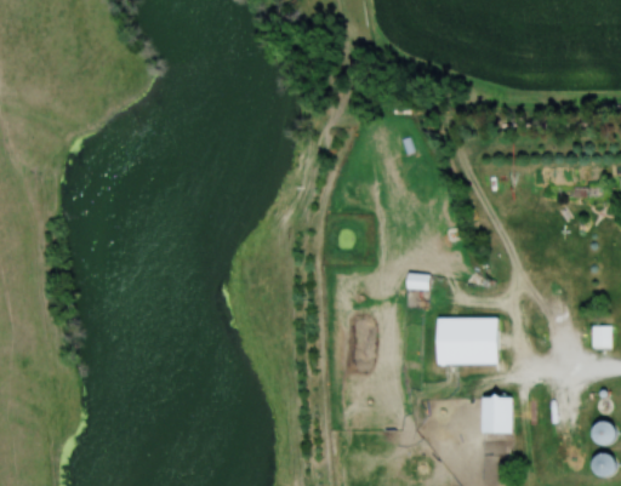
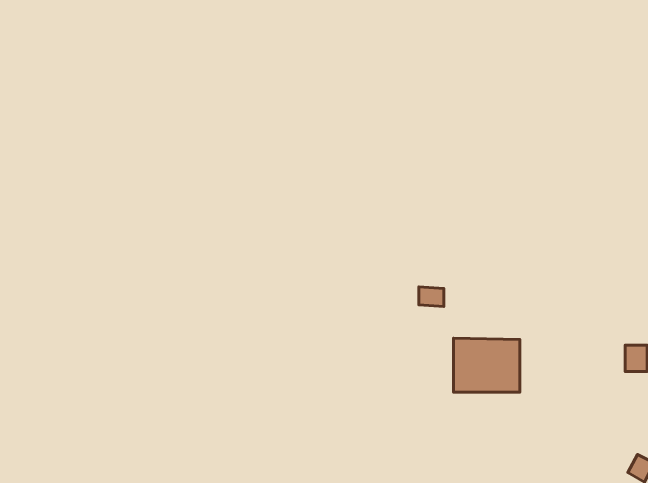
building: [482,398,512,434] -> none

